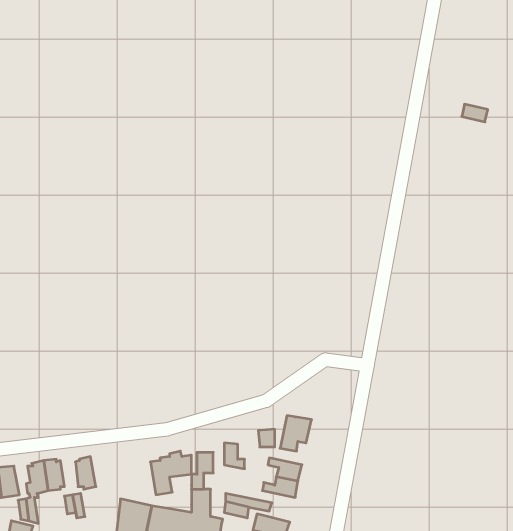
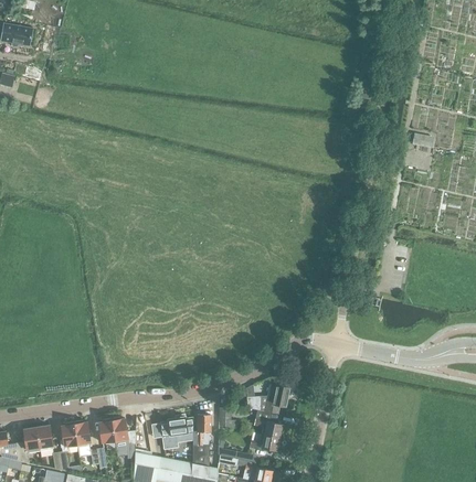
building: none -> [110,417,135,459]

